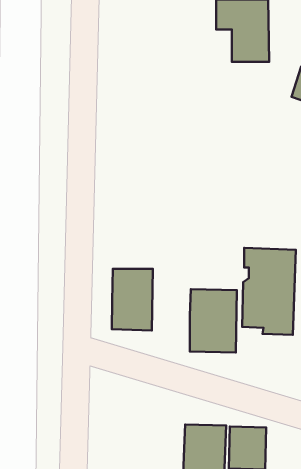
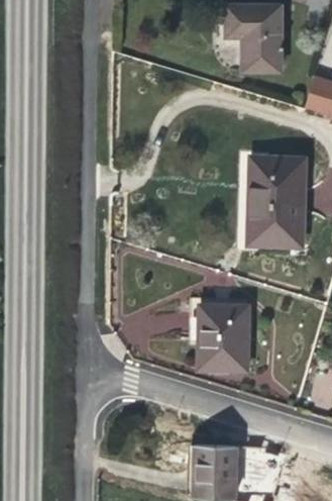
building: [242,248,296,335] -> [248,157,304,246]
building: [112,269,153,331] -> none

